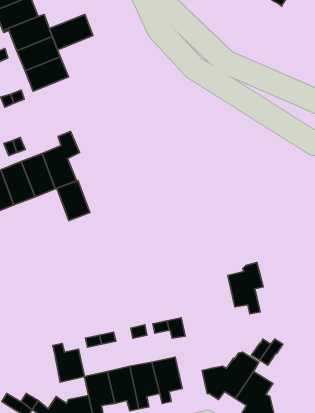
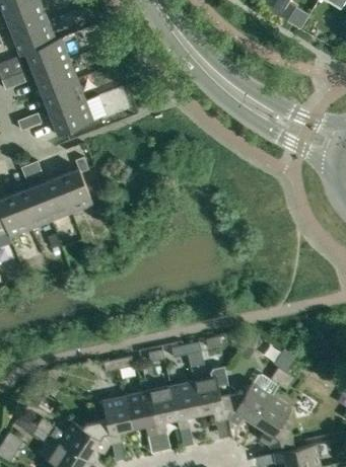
building: [49,14,93,50] -> [49,100,92,136]
building: [57,180,90,220] -> none
building: [228,263,263,314] -> [192,369,227,420]
building: [53,343,84,382] -> none

